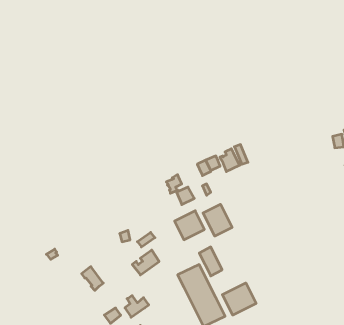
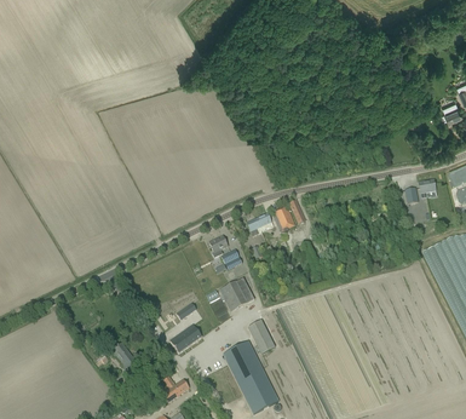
building: [203,204,232,236] -> none
building: [222,283,256,315] -> none

